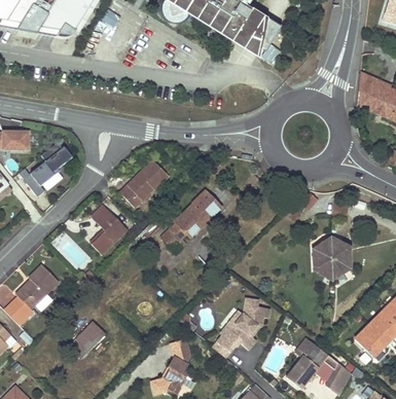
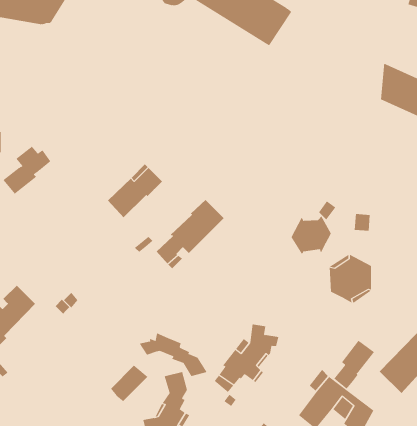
building: none -> [291,216,332,255]
building: [92,204,128,253] -> none
building: none -> [139,333,207,377]
building: none -> [333,340,375,390]
building: [71,323,104,355] -> [110,365,148,402]

